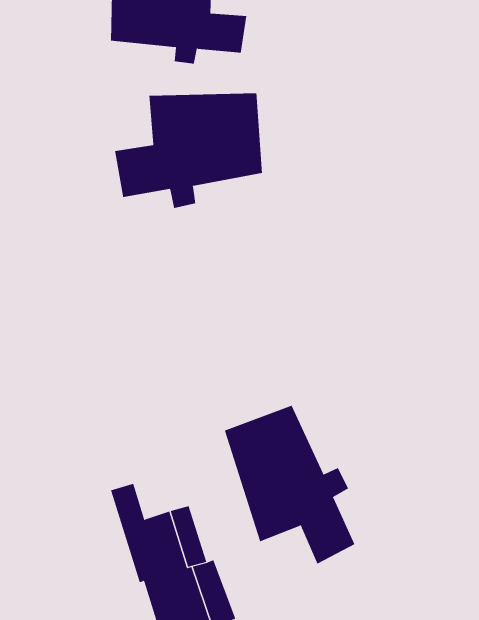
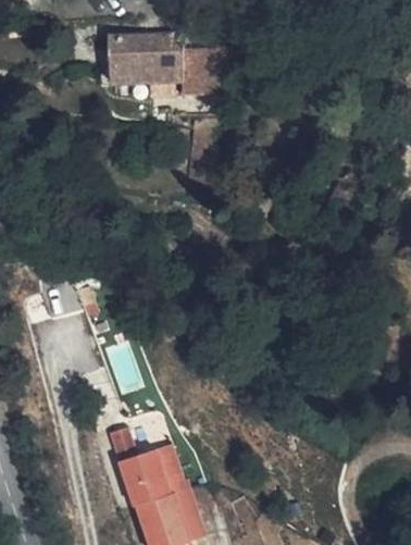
building: [114,92,262,209] -> none
building: [224,405,355,565] -> none

